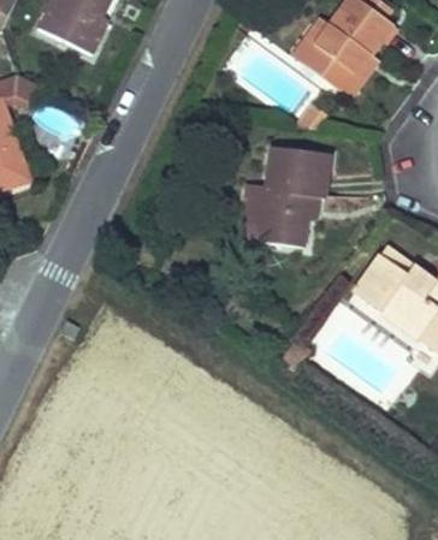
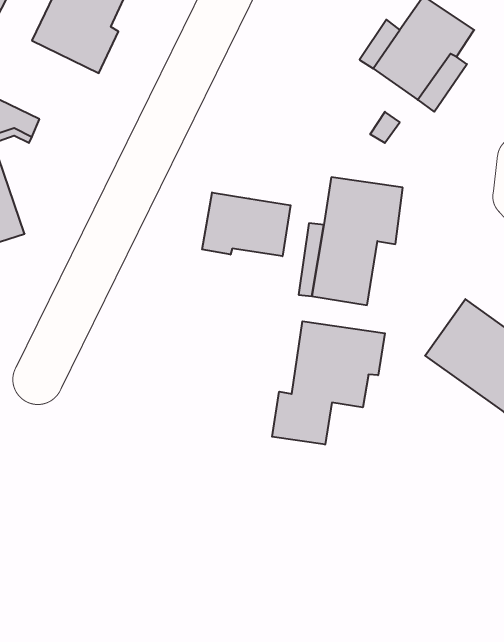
building: none -> [202,192,291,256]
building: none -> [272,321,385,445]

